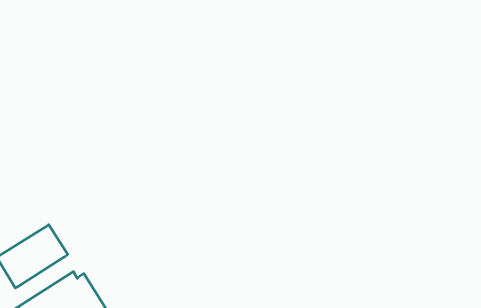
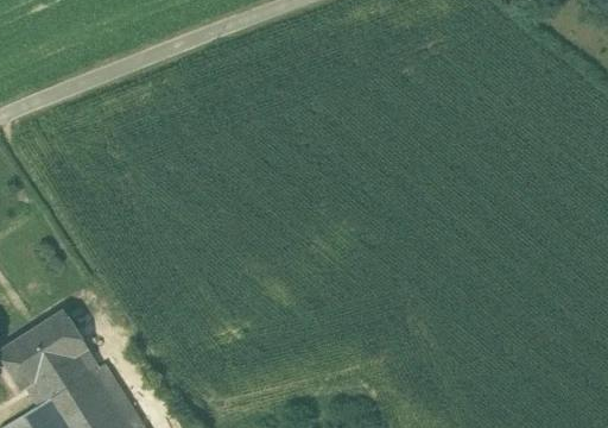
building: none -> [26,352,94,405]

